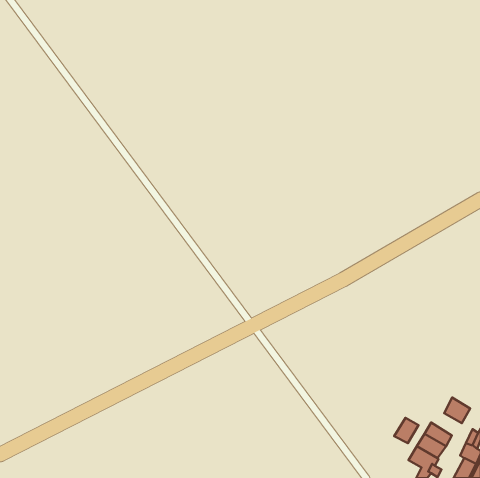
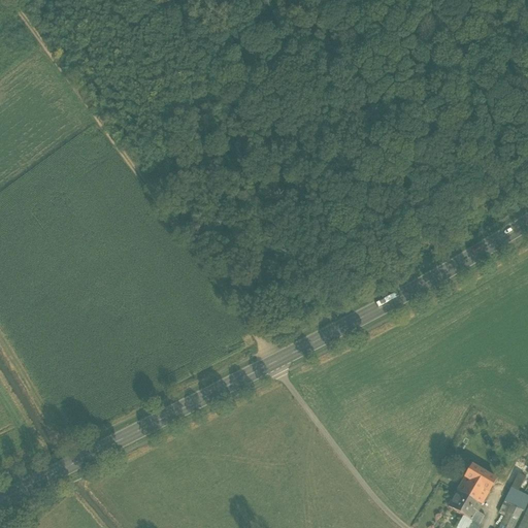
building: [444,398,470,423] -> none
building: [394,418,419,443] -> none

